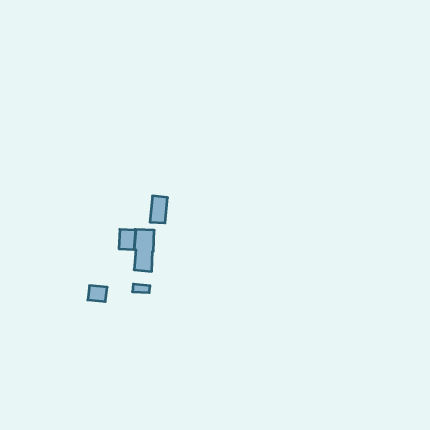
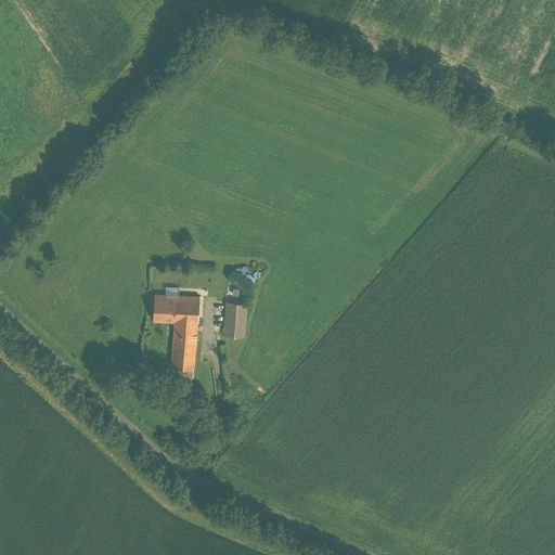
building: [150,196,168,223] -> [223,302,246,337]
building: [88,286,107,302] -> [170,348,195,369]

